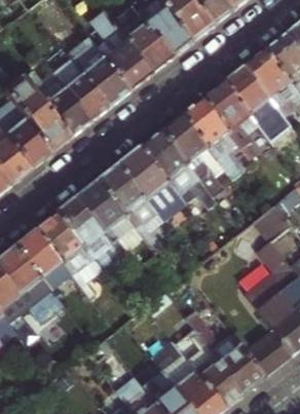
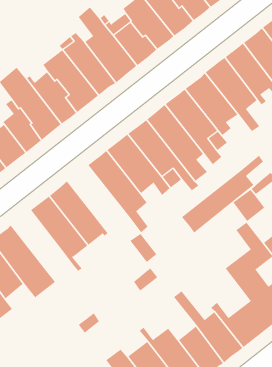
building: none -> [181,155,264,233]
building: [77,180,143,253] -> none
building: [16,228,73,290] -> none

